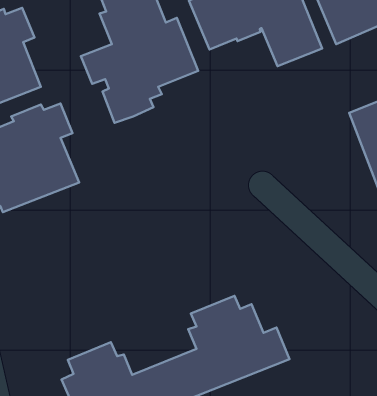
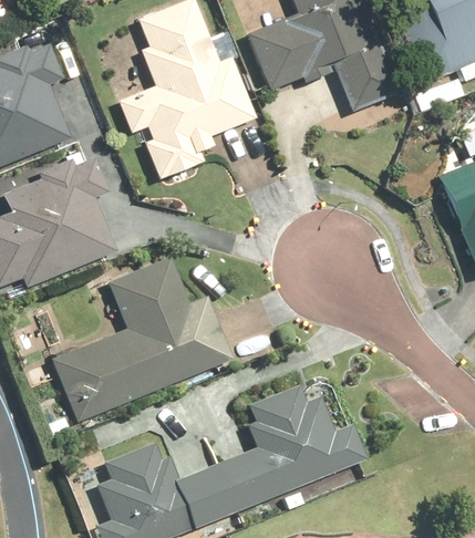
building: none -> [52,254,235,423]

